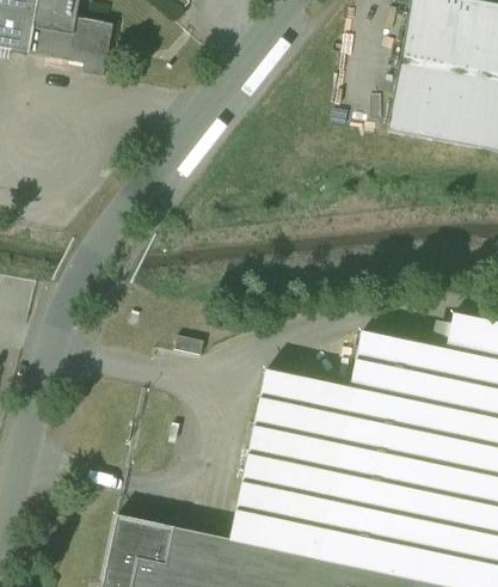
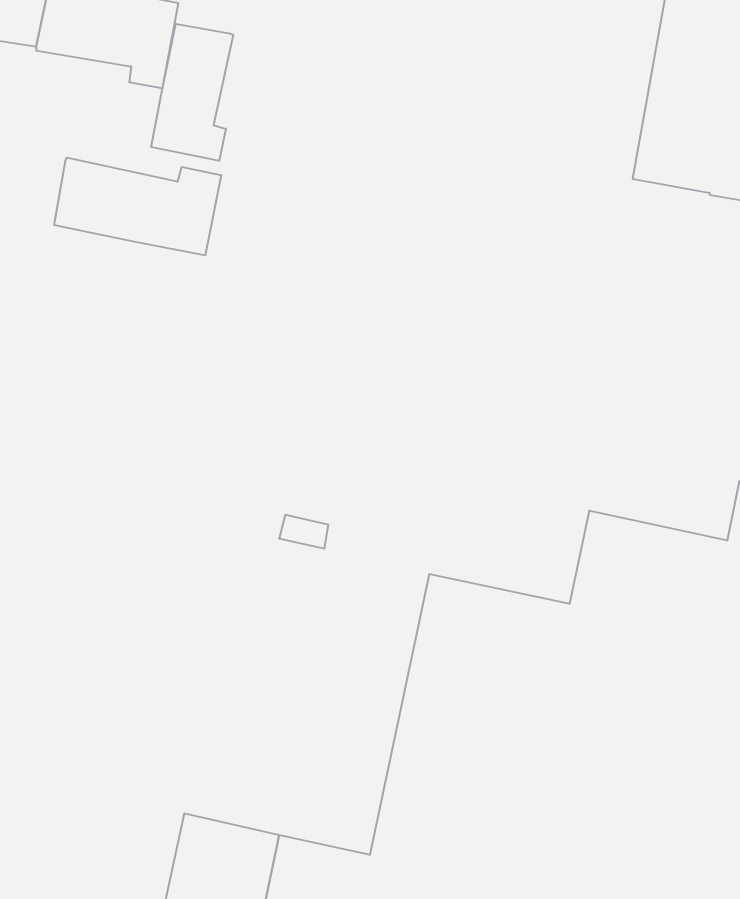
building: none -> [151,24,233,161]
building: none -> [54,158,221,255]

